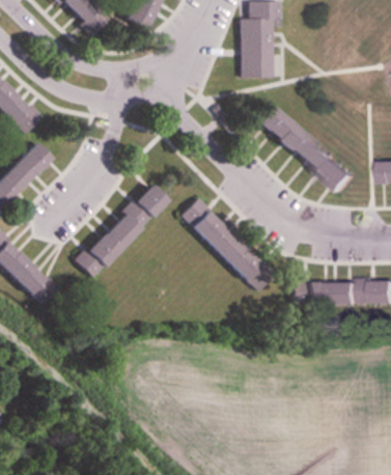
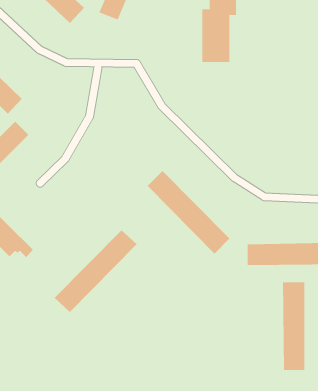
building: [255,106,358,193] -> none
building: [75,184,168,277] -> [54,229,137,313]
building: none -> [283,281,305,371]

